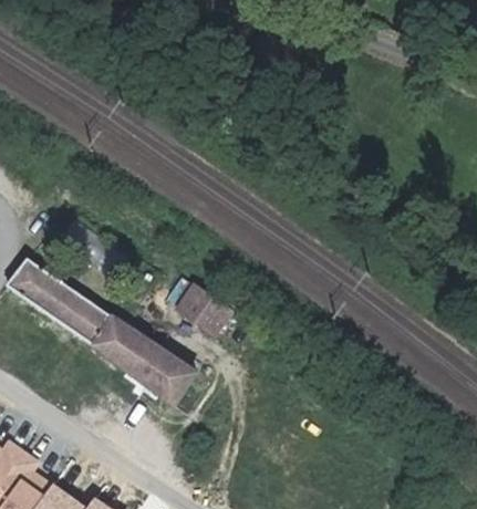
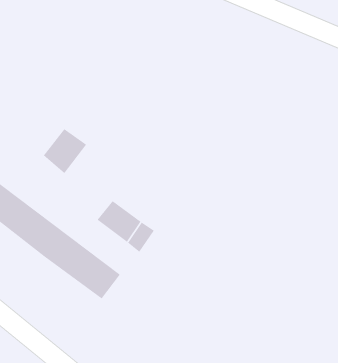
building: none -> [43,128,87,174]

